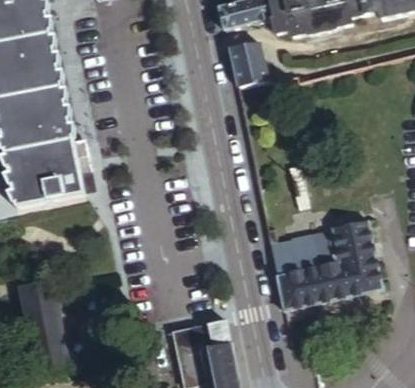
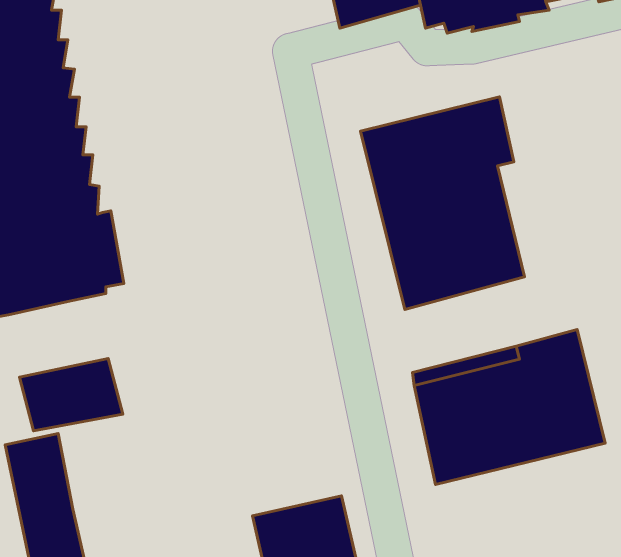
building: [227,42,266,86] -> none
building: none -> [360,97,524,309]
building: none -> [20,359,123,431]

